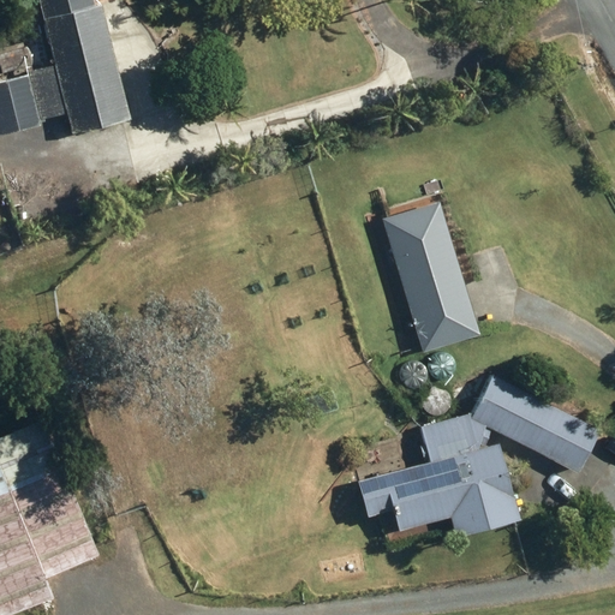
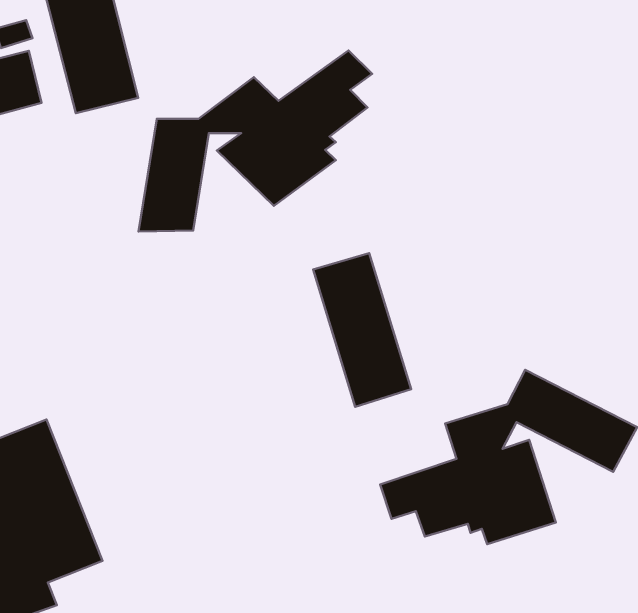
building: none -> [139,51,372,231]
building: [381,199,473,345] -> [313,253,411,407]

